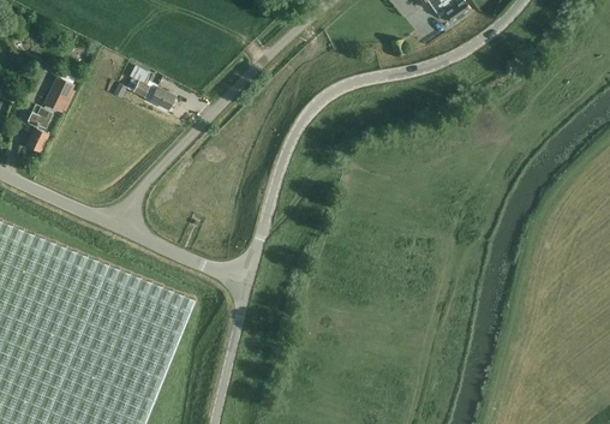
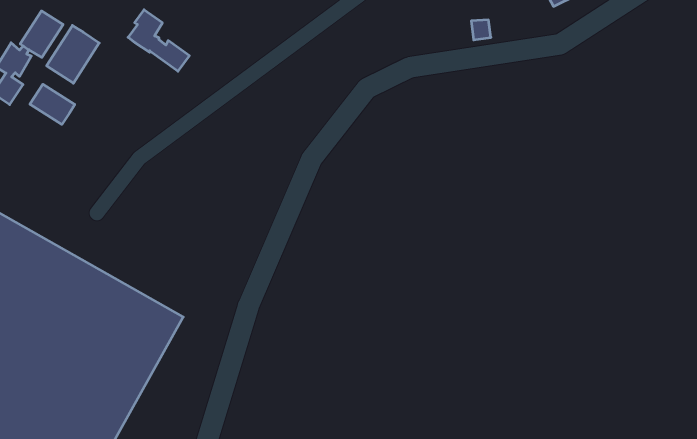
building: none -> [47,25,99,83]
building: none -> [30,84,75,124]

